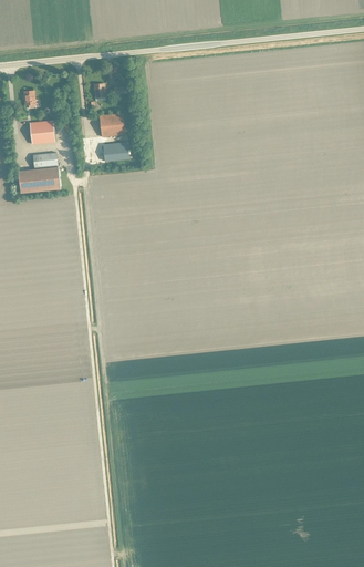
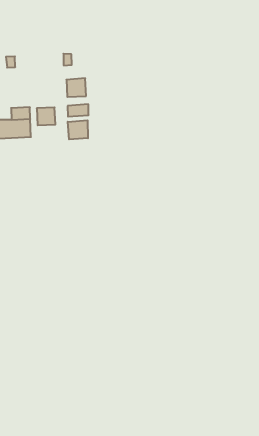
building: [30,121,54,144] -> [37,107,55,125]
building: none -> [68,120,88,139]

